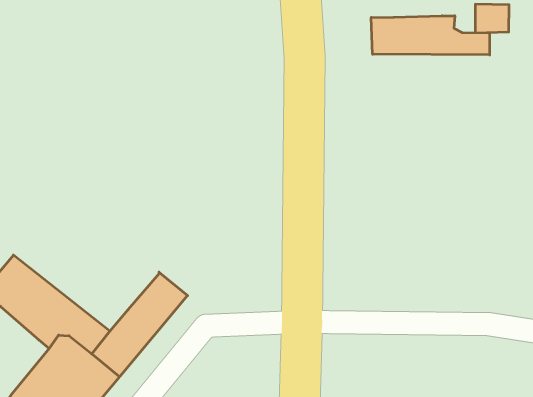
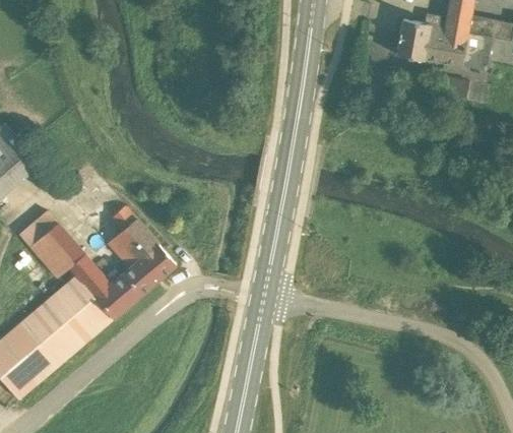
building: [371,16,490,55] -> none
building: none -> [106,205,157,267]

